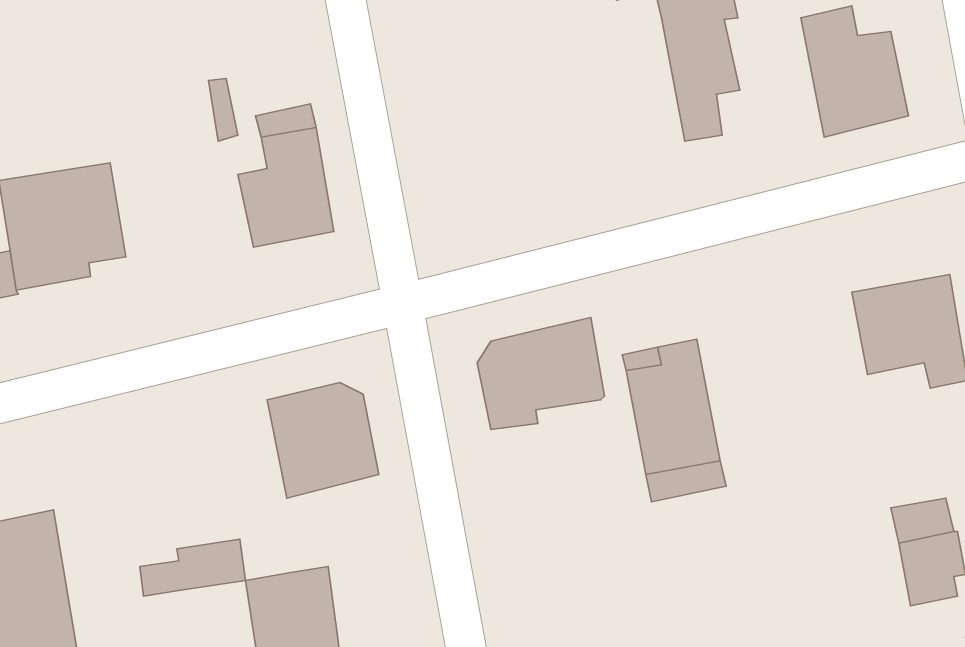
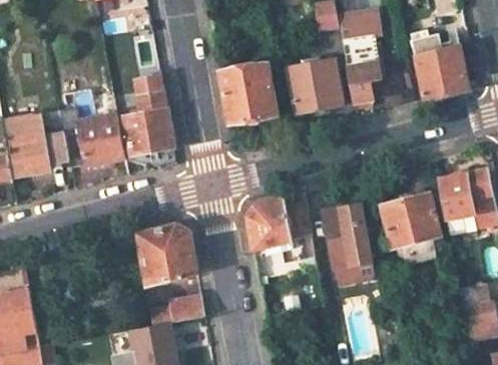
building: none -> [287,59,342,112]
building: none -> [219,62,277,122]
building: none -> [58,104,124,167]
building: none -> [380,194,439,264]
building: [140,539,246,596] -> [149,293,203,322]

